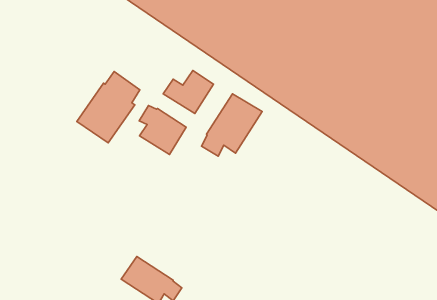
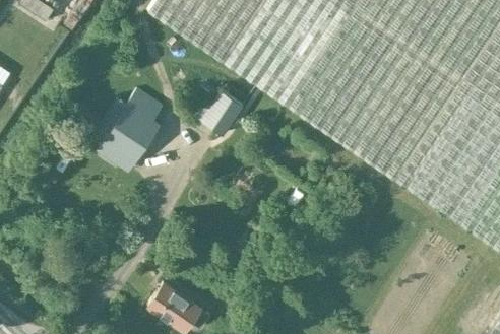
building: [201,94,262,156] -> none
building: [139,105,186,154] -> none

